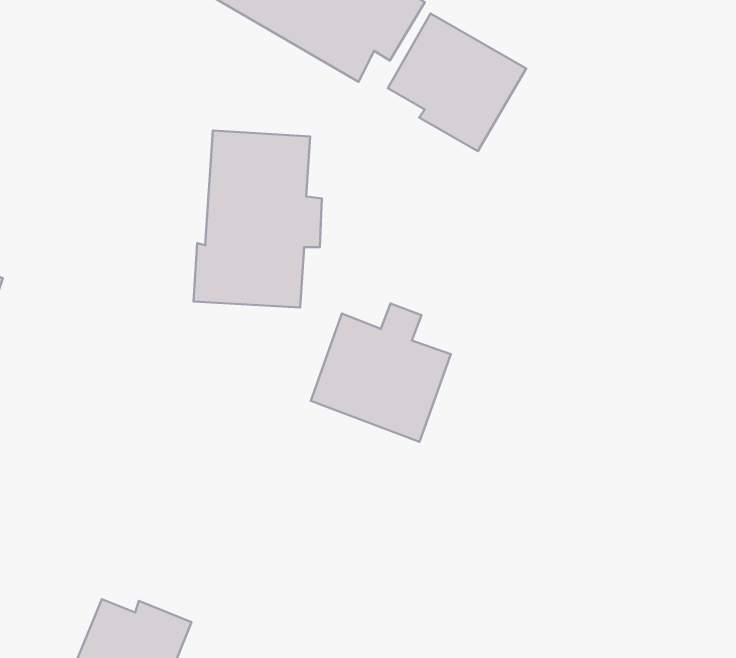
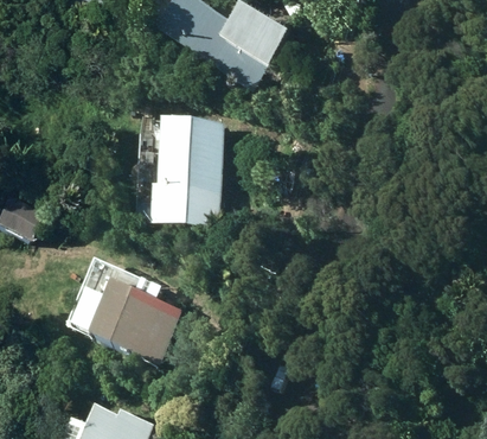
building: [388,13,526,151] -> none
building: [311,304,451,442] -> [91,274,177,358]

